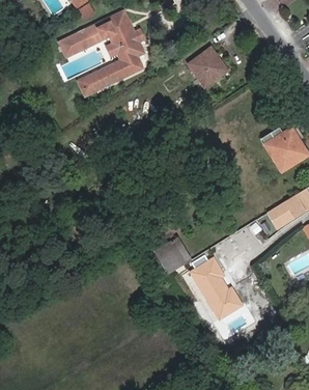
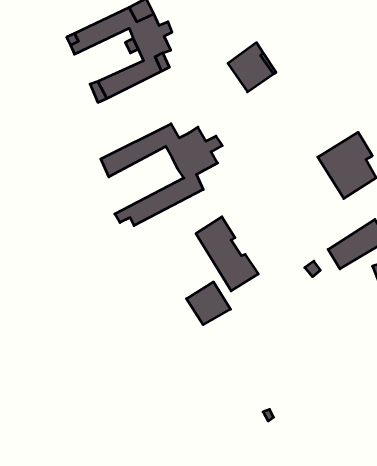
building: none -> [101,124,222,226]
building: [192,258,242,317] -> [196,217,258,291]

